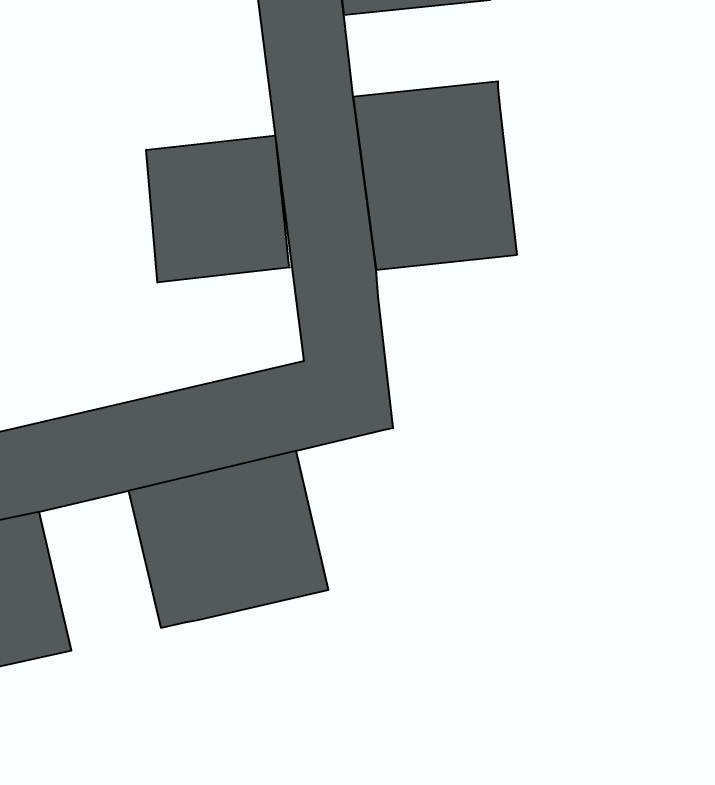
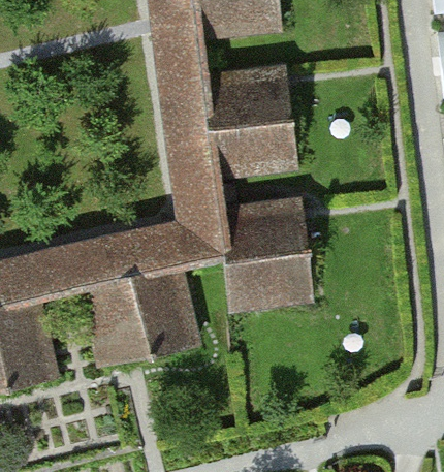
building: [146,135,290,283] -> none
building: none -> [219,184,313,312]

